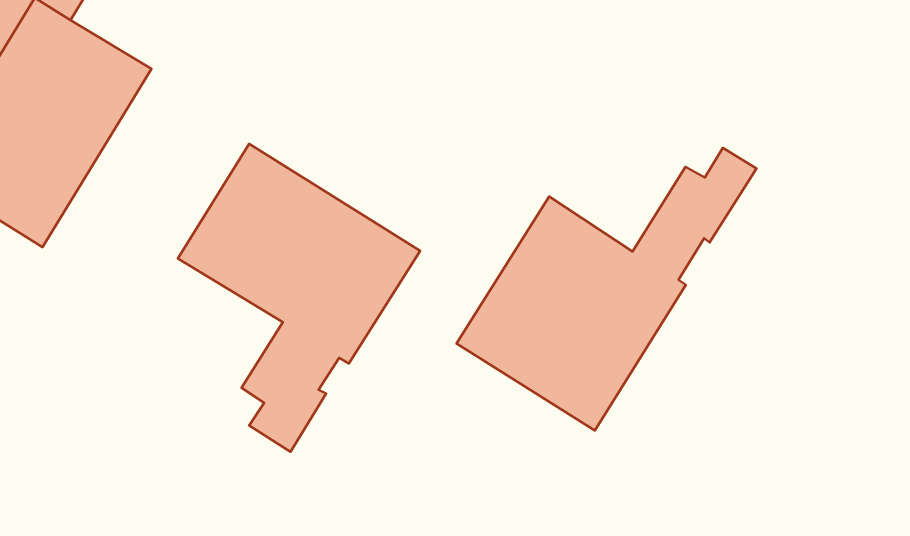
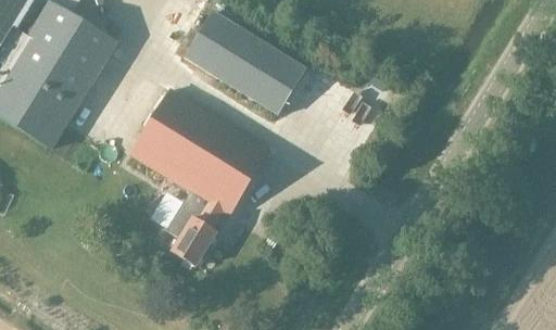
building: none -> [182,10,305,115]
building: [456,148,757,431] -> none

